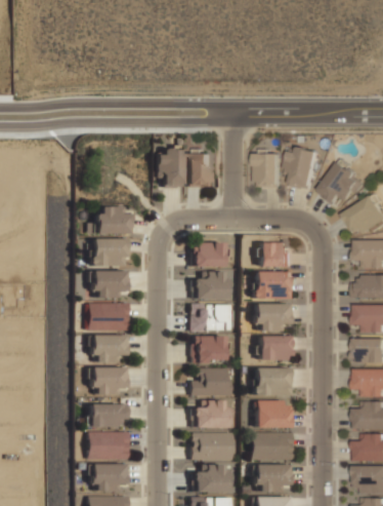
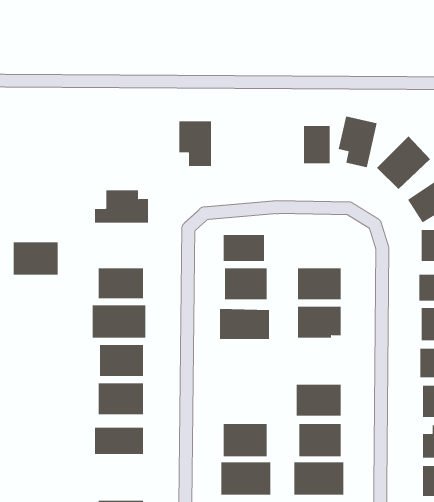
building: [187,152,211,186] -> none
building: [89,239,127,267] -> [13,242,59,275]
building: [259,243,291,267] -> none
building: [192,337,228,362] -> none
building: [258,337,291,359] -> none
building: [190,368,231,396] -> none
building: [86,432,127,460] -> none

